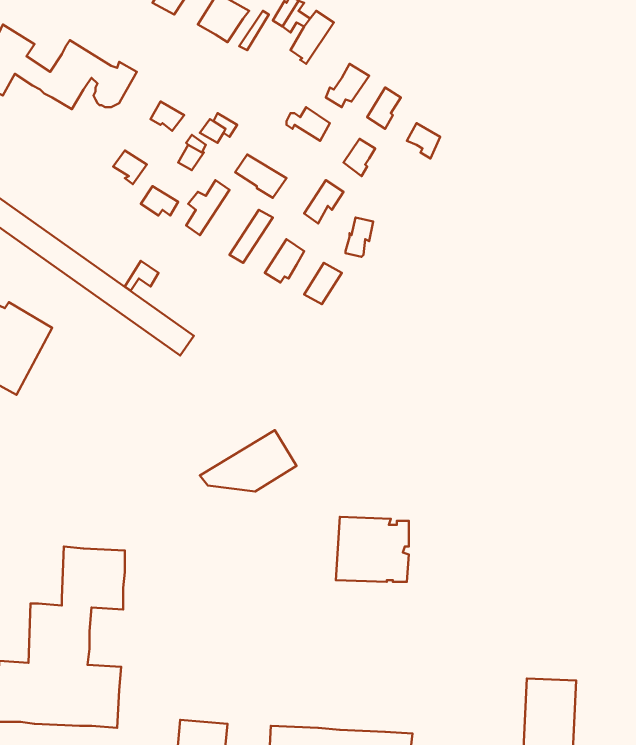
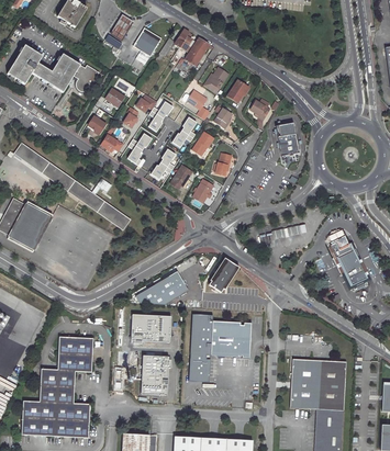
building: none -> [275,122,299,156]
building: none -> [336,238,369,291]
building: none -> [209,258,238,292]
building: none -> [188,313,212,381]
building: none -> [131,314,170,342]
building: none -> [140,354,170,395]
building: none -> [290,358,346,410]

